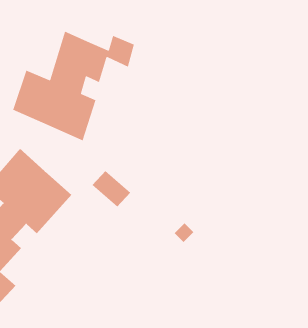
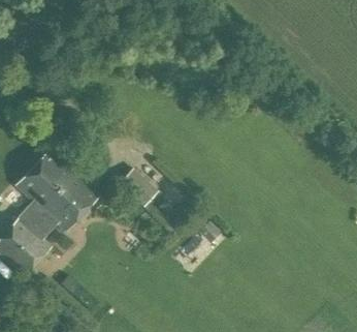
building: [12,31,135,142] -> none

